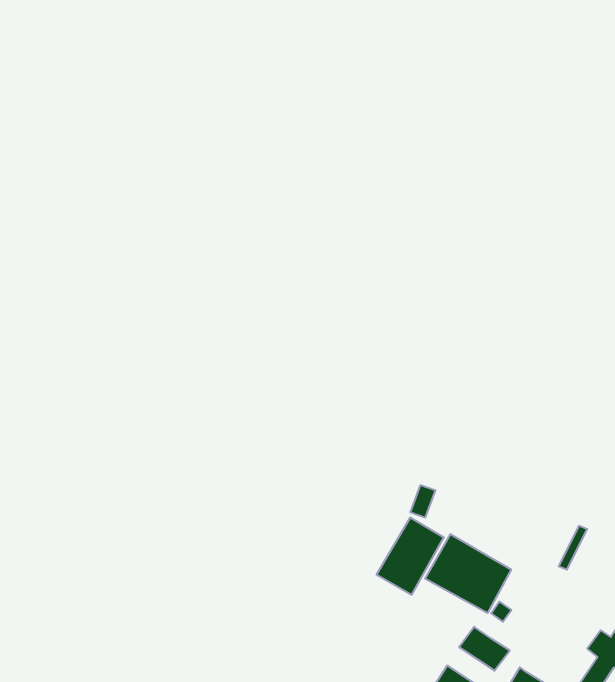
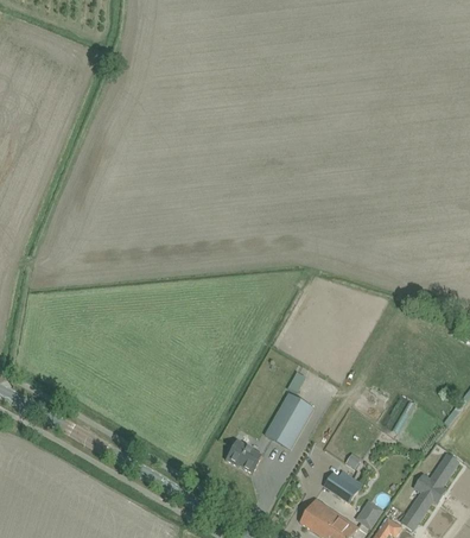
building: [425,534,511,613] -> none
building: none -> [226,439,262,471]

